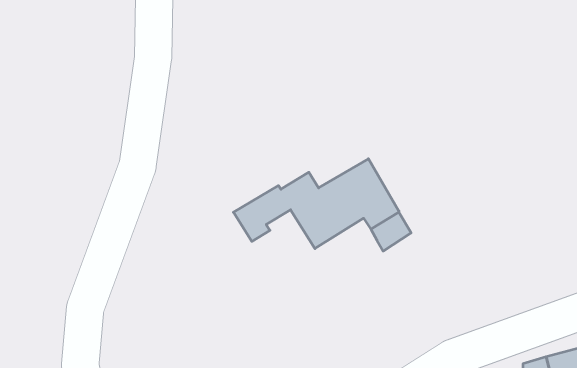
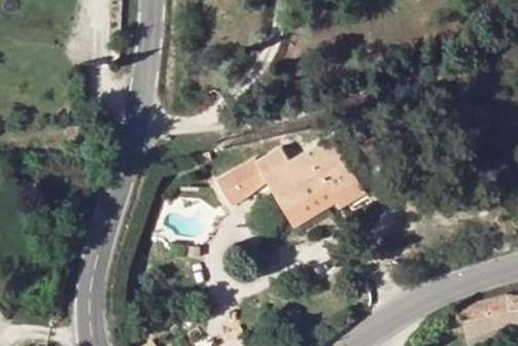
building: none -> [284,186,337,230]

